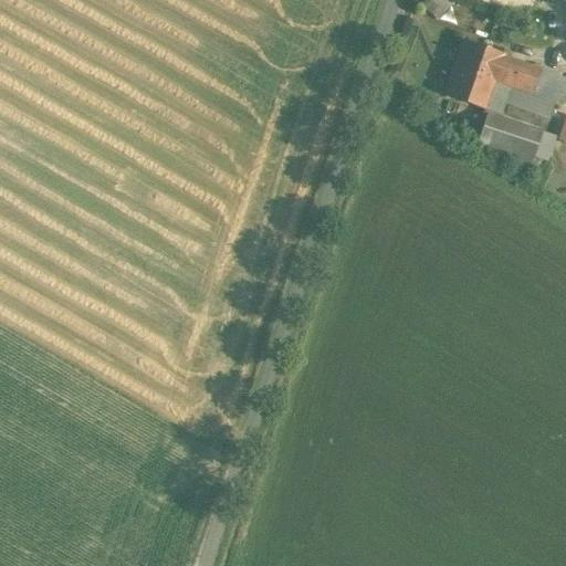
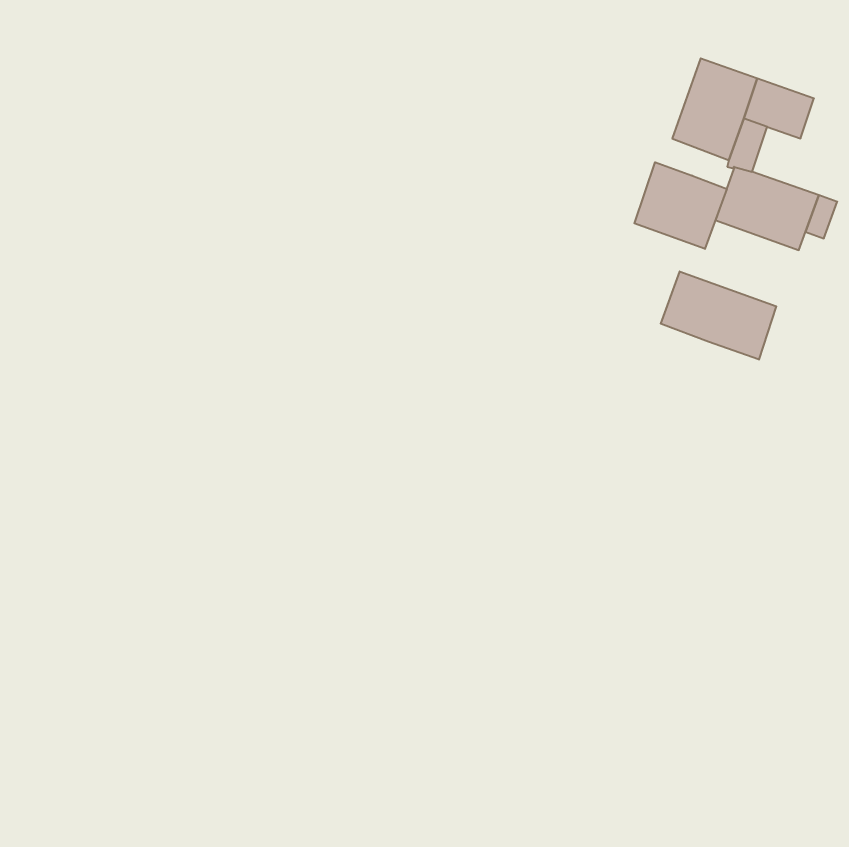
building: none -> [634,162,727,249]
building: none -> [661,271,776,360]

